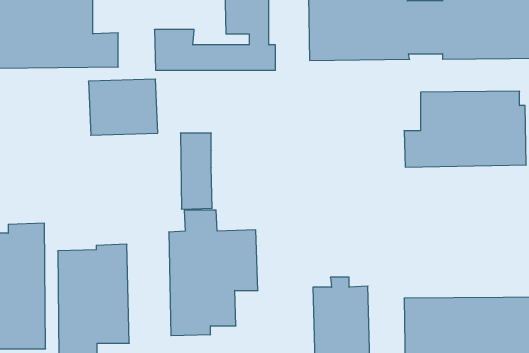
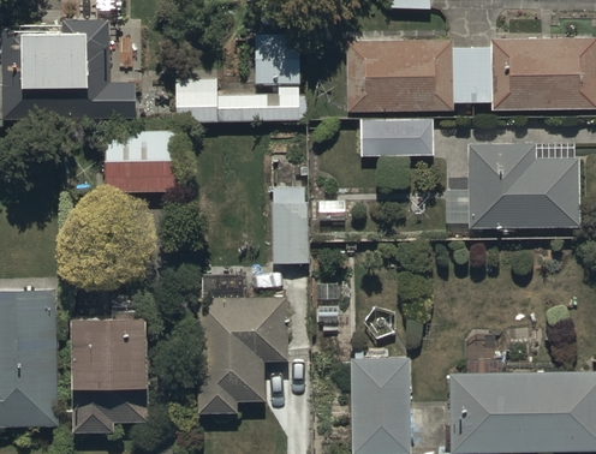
building: none -> [358,118,434,157]
building: [180,133,212,209] -> [273,183,308,265]

